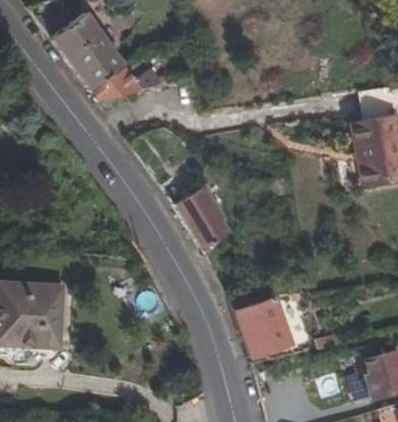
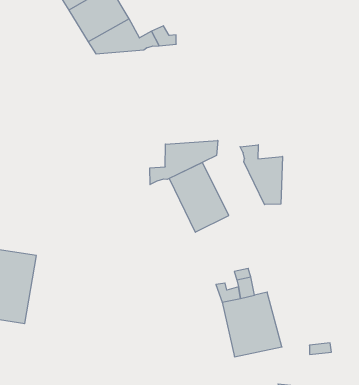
building: none -> [150,140,218,185]
building: none -> [240,145,282,205]

